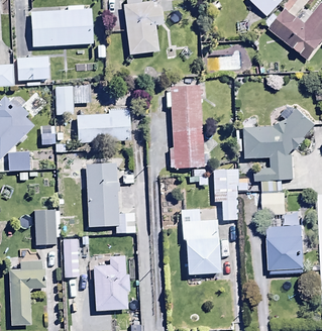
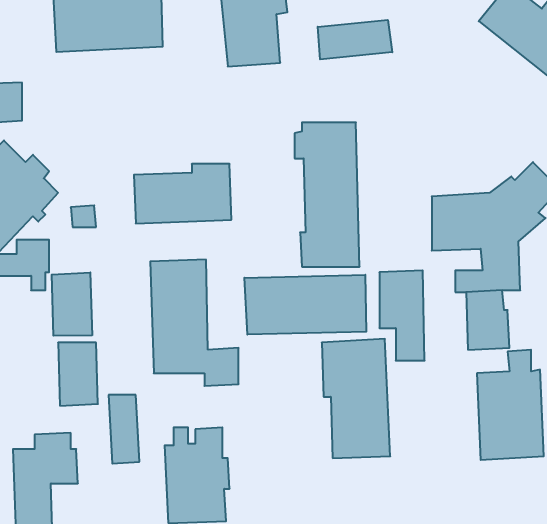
building: none -> [318,20,392,59]
building: [17,57,49,80] -> none
building: [56,86,75,115] -> none
building: none -> [52,272,92,336]
building: none -> [244,275,366,335]

